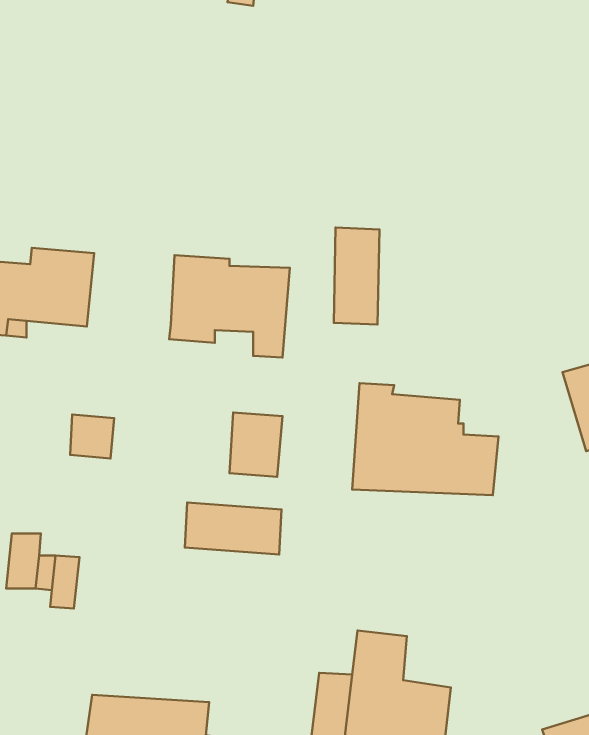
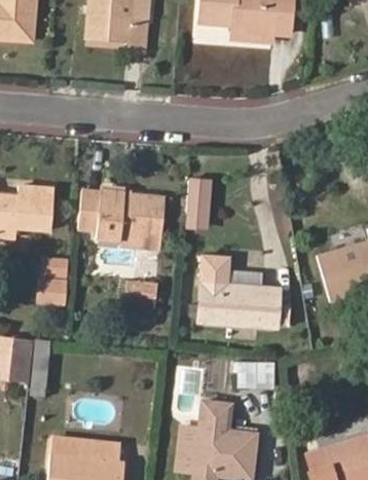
building: none -> [72,189,100,229]
building: [185,503,281,554] -> none
building: none -> [236,362,272,389]

